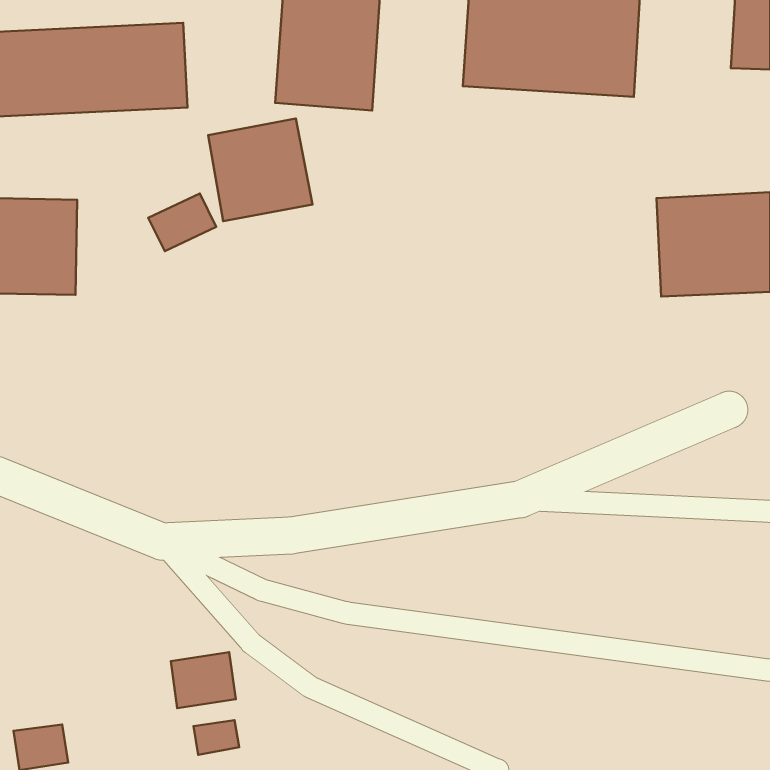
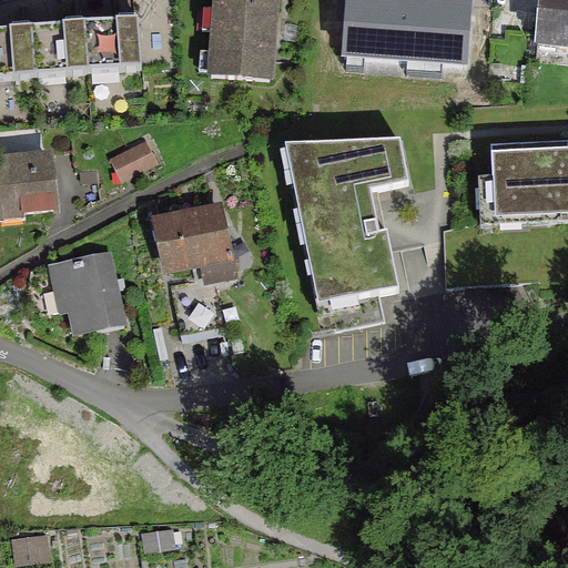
building: [208,118,312,221] -> [154,201,231,276]
building: none -> [293,134,410,298]
building: none -> [49,250,126,335]
building: [171,652,236,708] -> none

